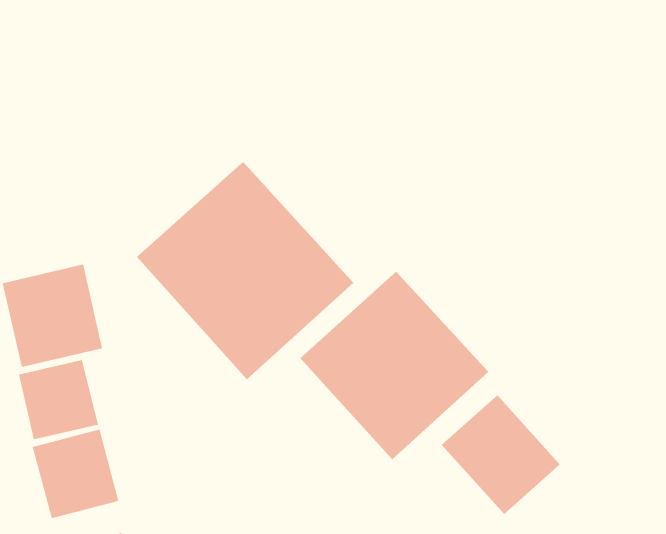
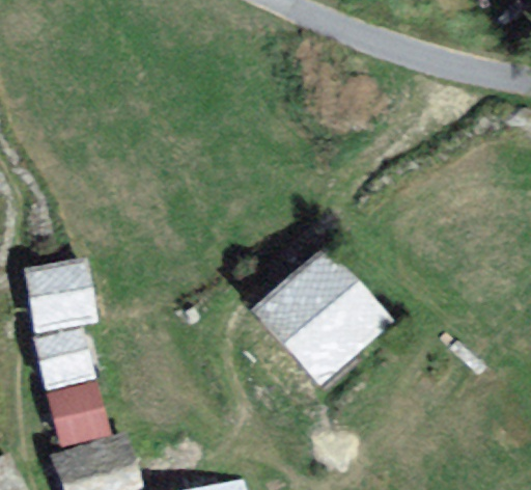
building: [136,161,354,380] -> none
building: [441,395,561,515] -> none

